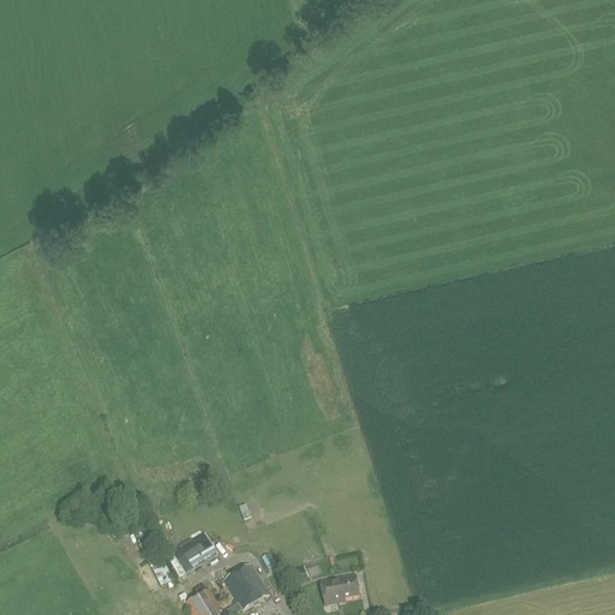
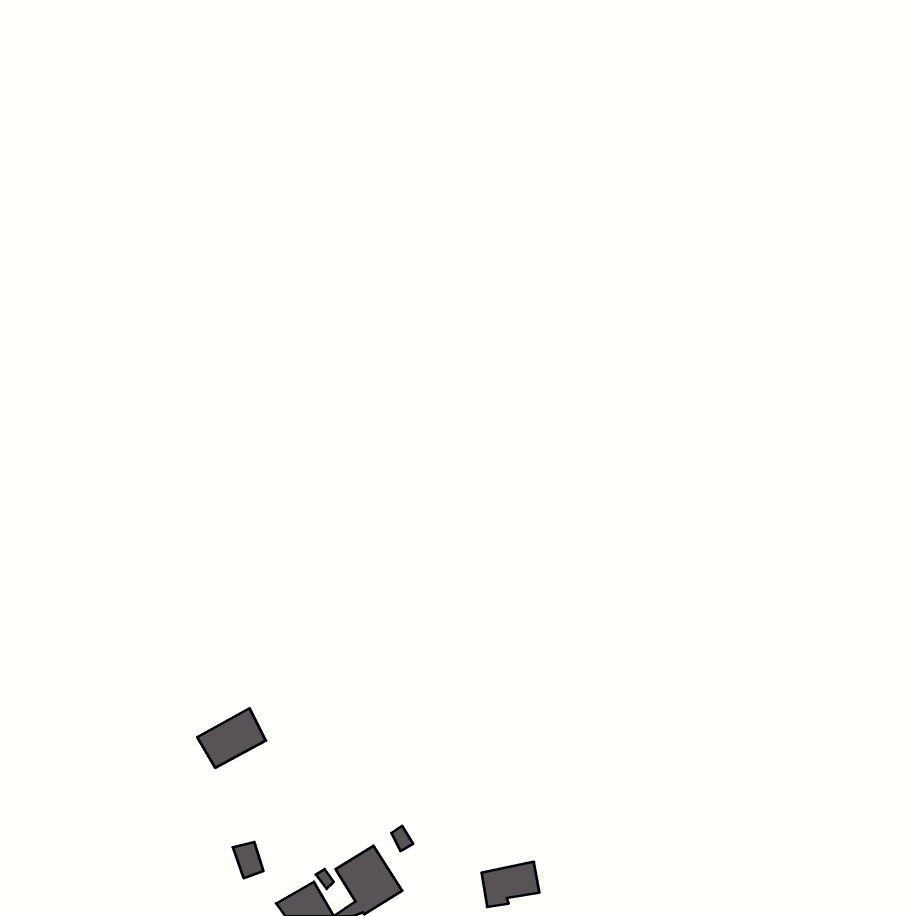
building: [174,531,220,571] -> [197,708,266,768]

